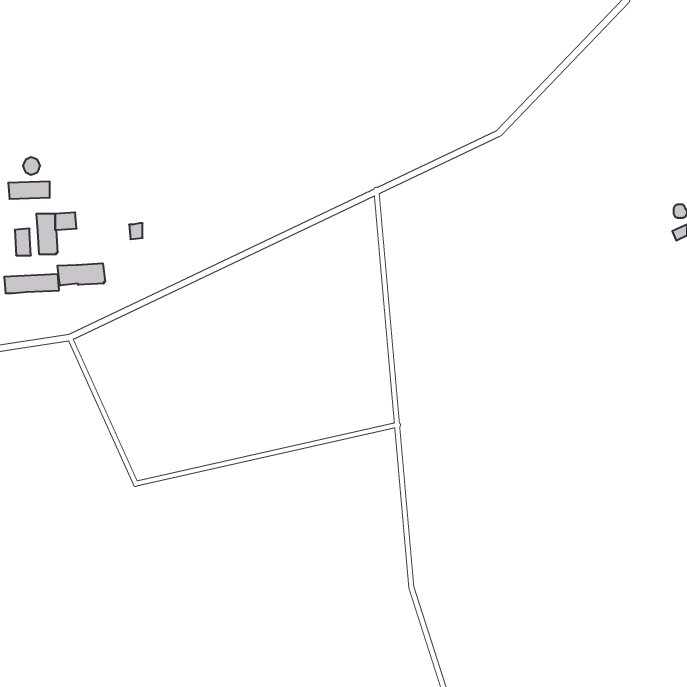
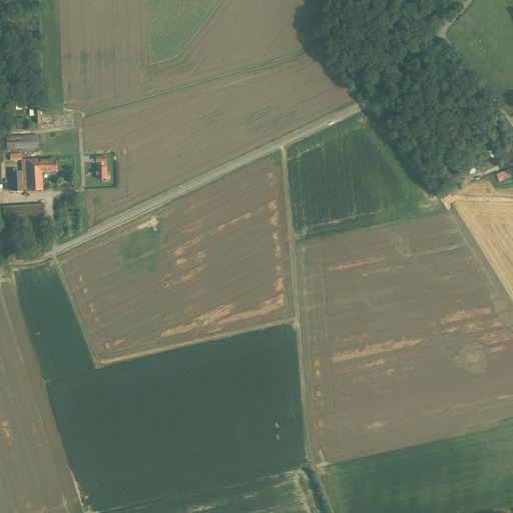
building: [57,263,105,286] -> none

